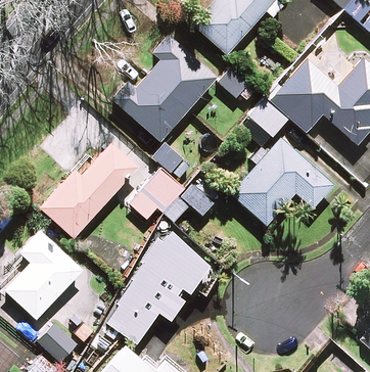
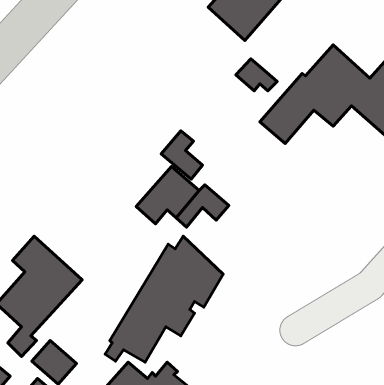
building: [120,36,217,141] -> none
building: [231,138,332,225] -> none
building: [40,141,137,237] -> none

